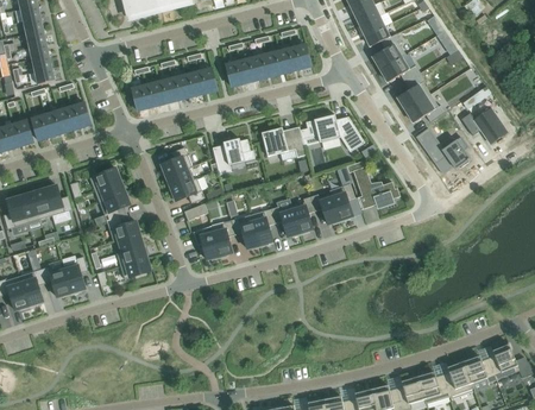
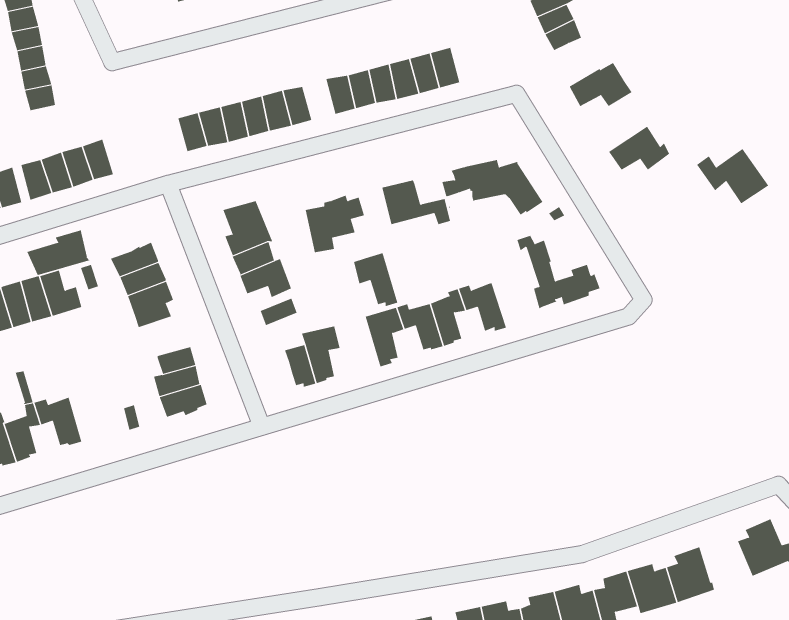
building: [372,32,404,68] -> none
building: [397,71,429,109] -> none
building: [415,127,468,168] -> none
building: none -> [27,229,91,276]
building: [328,183,354,221] -> none
building: [106,214,139,241] -> none
building: [231,214,259,248] -> [353,252,398,307]
building: [62,256,87,294] -> none
building: [462,354,496,383] -> none

